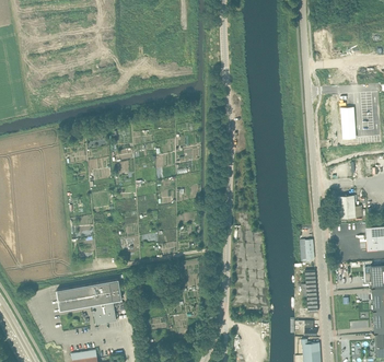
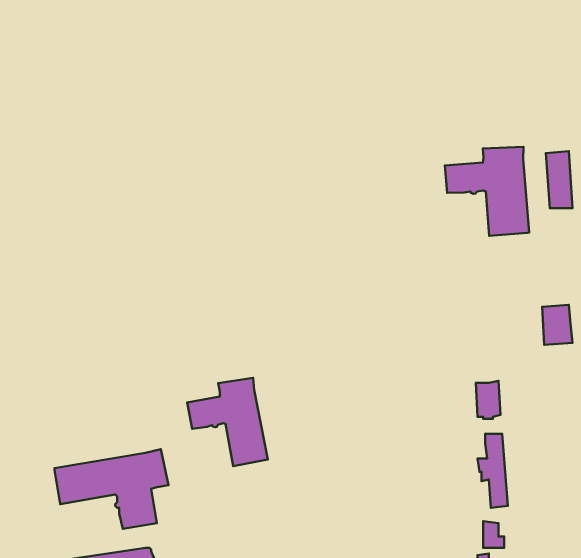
building: none -> [445,147,529,236]
building: none -> [187,378,268,466]

